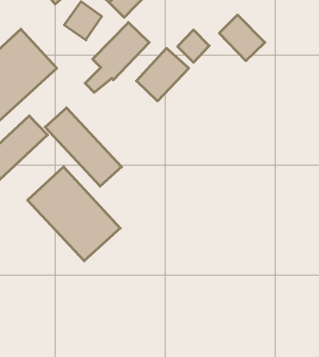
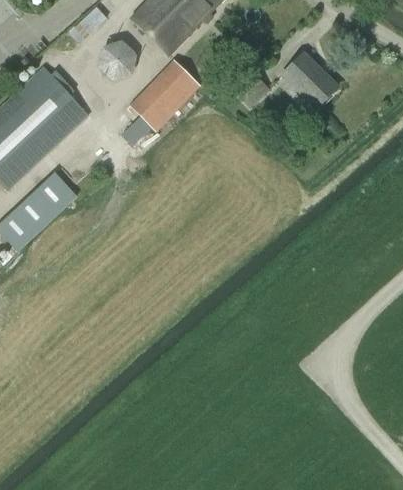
building: [136,48,189,101] -> none
building: [45,108,122,186] -> none
building: [28,167,120,261] -> none

